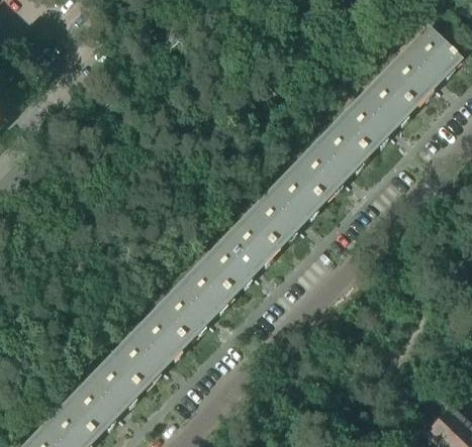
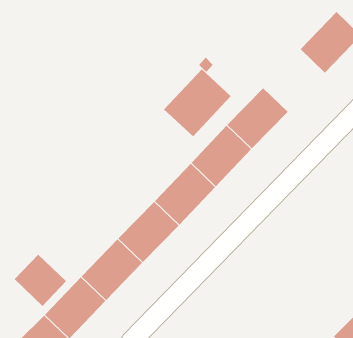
building: [337,75,413,152] -> none
building: none -> [163,69,231,137]
building: none -> [14,254,67,307]

